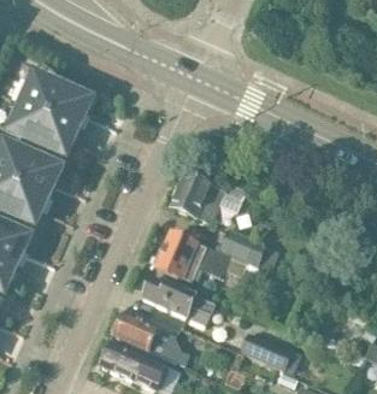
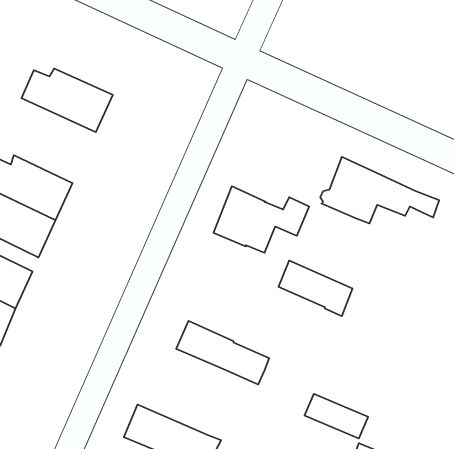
building: [10,101,78,157] -> none
building: [153,229,246,281] -> [320,157,439,224]
building: [113,312,188,363] -> none

